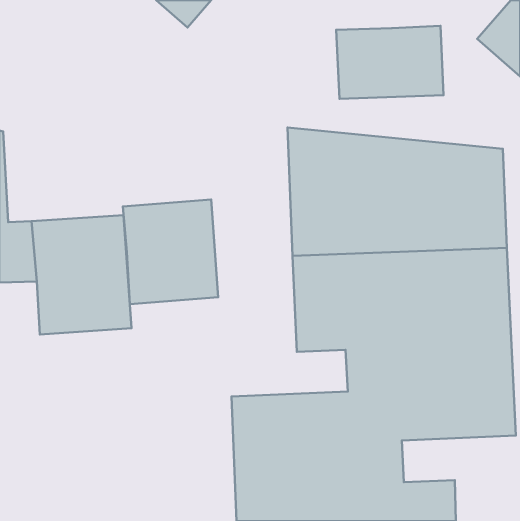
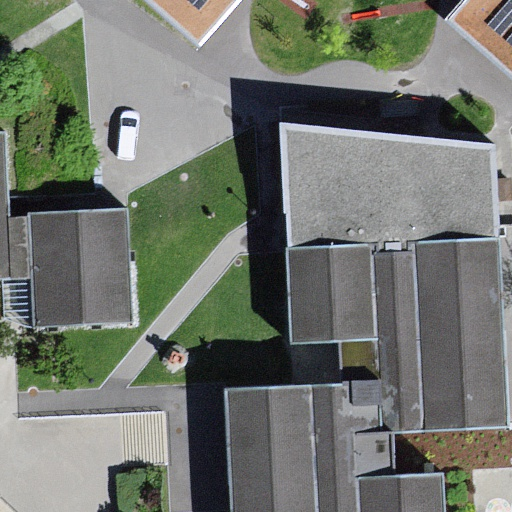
building: [336,26,444,99] -> none
building: [123,200,218,304] -> none

